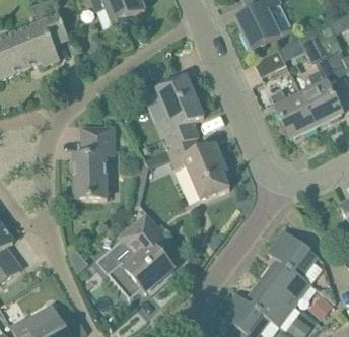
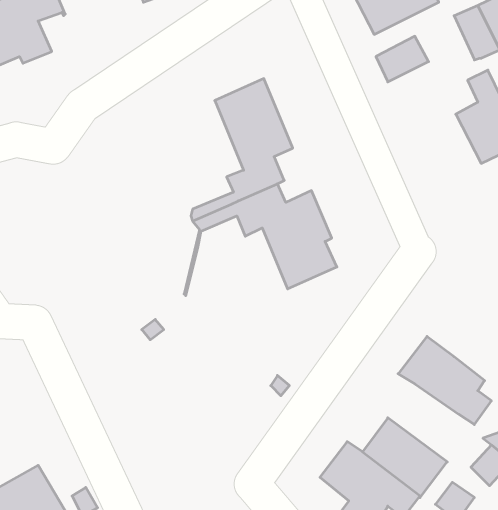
building: [270,89,317,139] -> none
building: [74,127,115,199] -> none
building: [109,212,173,299] -> none
building: [261,258,313,305] -> none

